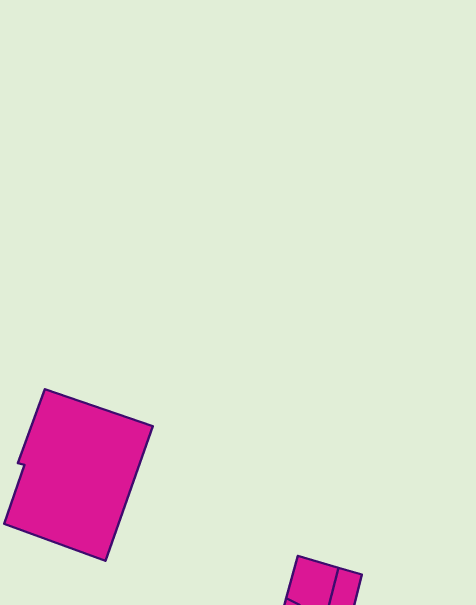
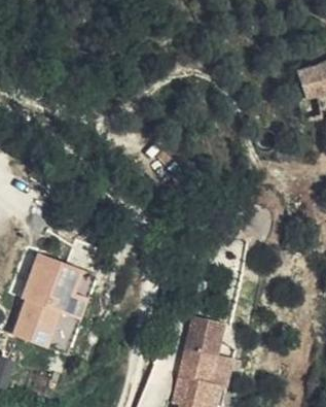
building: none -> [185,319,218,357]

